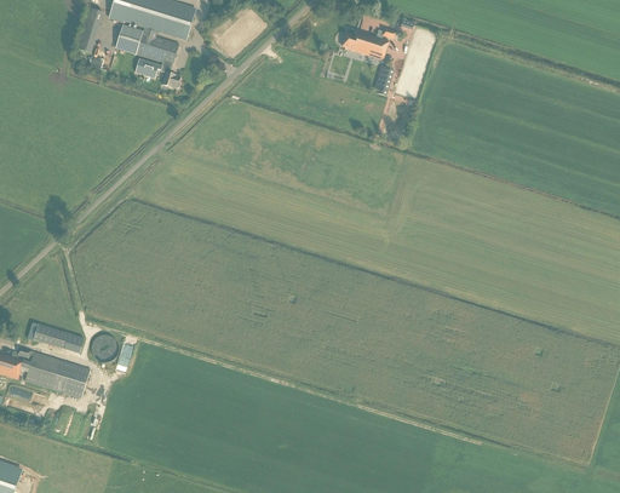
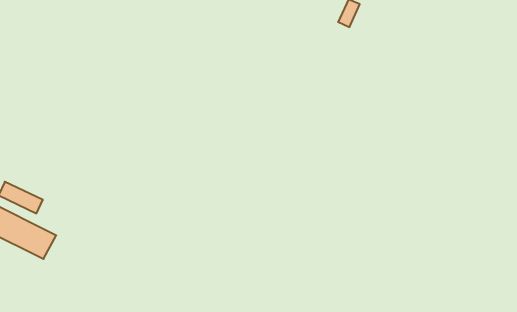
building: [90,334,117,362] -> none

